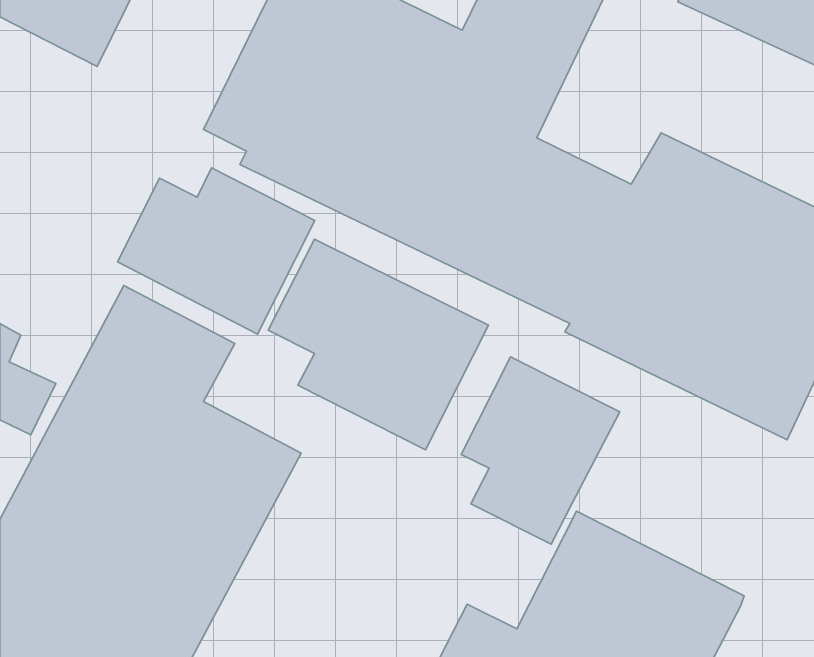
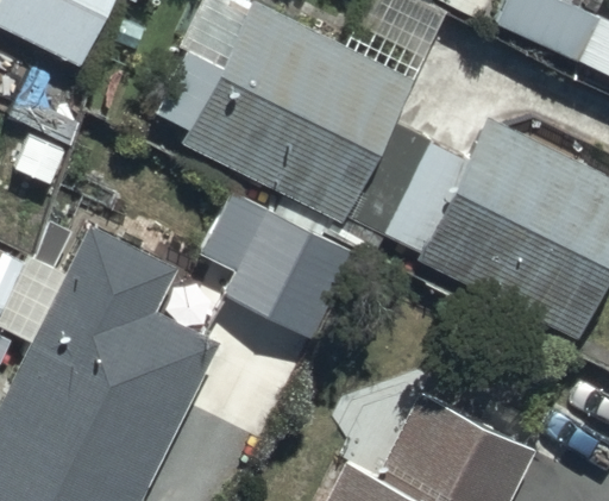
building: [117,168,315,334] -> none
building: [461,357,620,544] -> none

